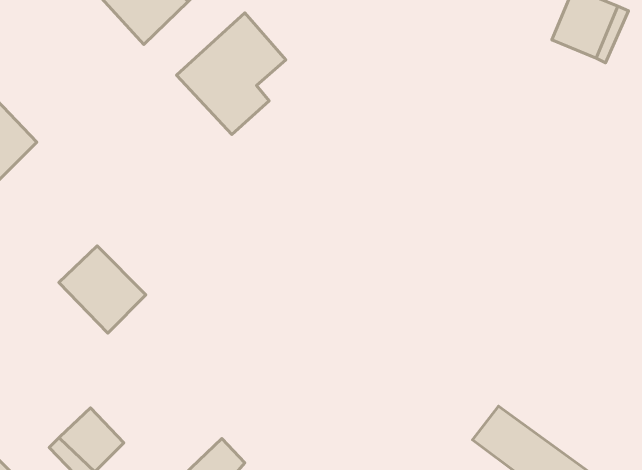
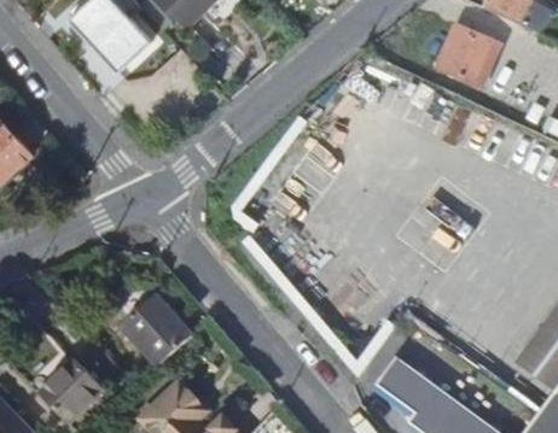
building: [177,13,286,135] -> none
building: [59,246,146,333] -> [120,299,188,368]

